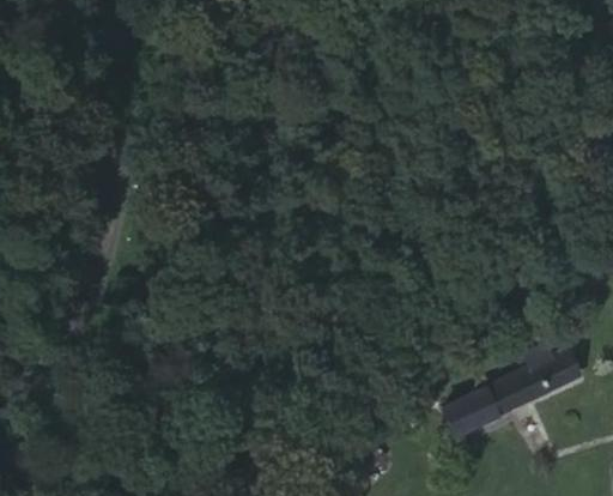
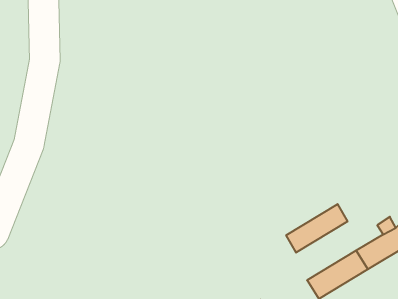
building: none -> [286,204,347,253]

